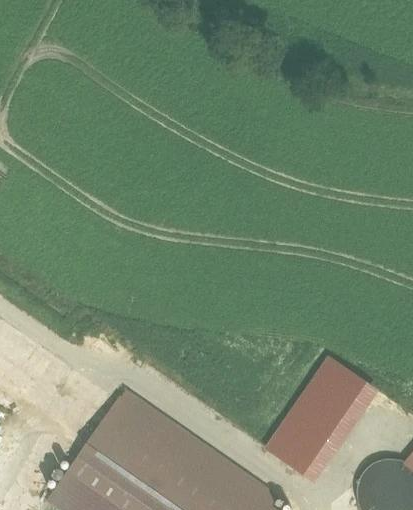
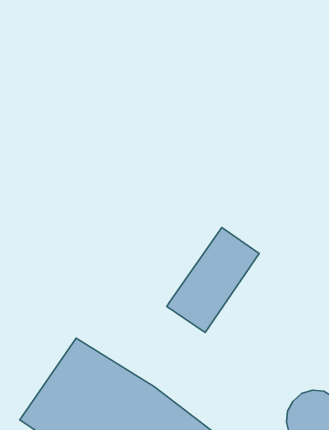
building: [267,359,373,480] -> [167,227,259,333]

